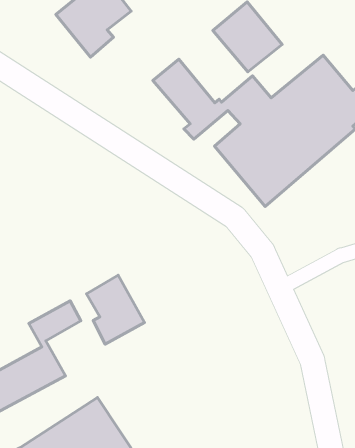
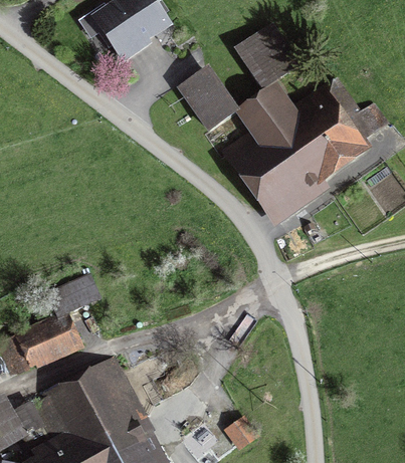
building: [87,275,144,344] -> none

